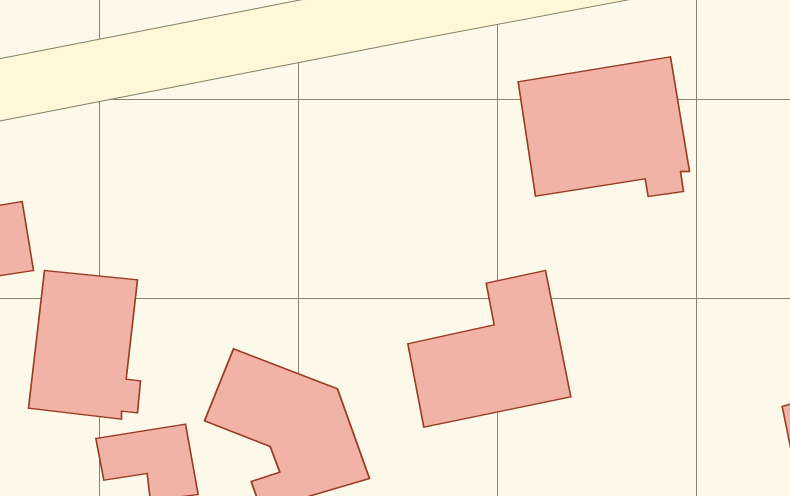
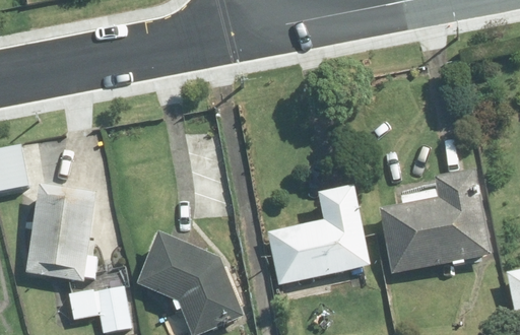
building: [518,57,689,196] -> none
building: none -> [379,169,493,273]

